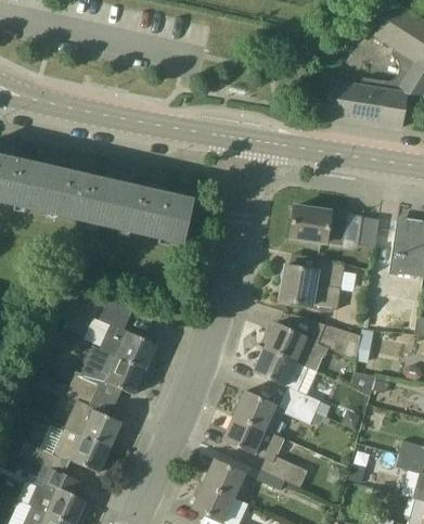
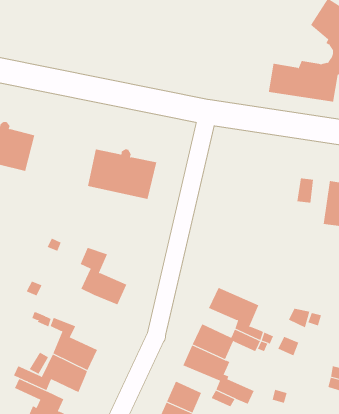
building: [36,165,118,226] -> none
building: [290,205,347,242] -> none
building: [279,258,345,308] -> none
building: [265,321,360,368] -> none
building: [68,346,145,394] -> none

